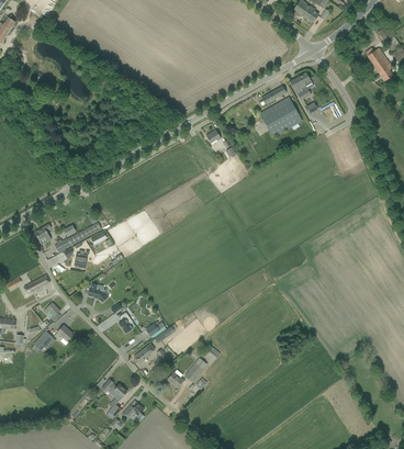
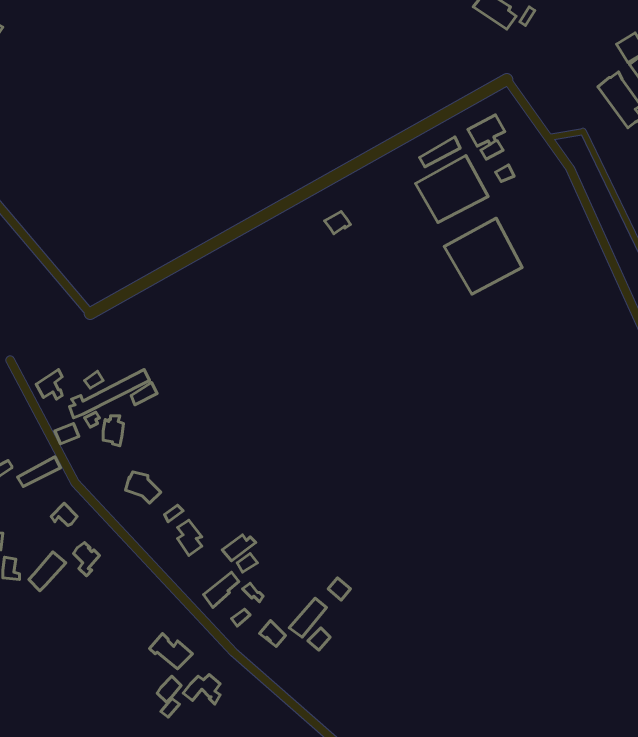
building: none -> [444,218,522,294]

